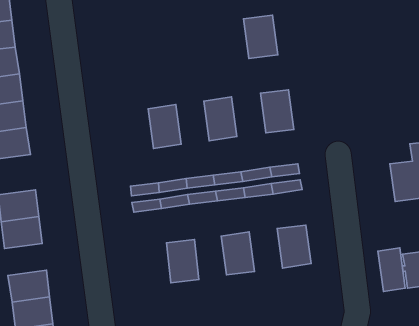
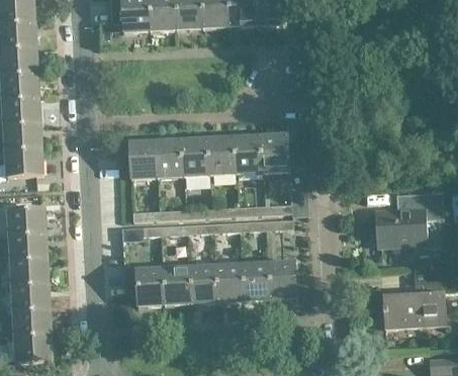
building: [244,15,278,58] -> [235,134,264,173]
building: none -> [182,137,210,176]
building: none -> [128,140,158,179]
building: none -> [241,262,269,300]
building: none -> [189,265,216,303]
building: none -> [135,267,164,305]
building: none -> [11,258,49,285]
building: [378,248,405,292] -> none

